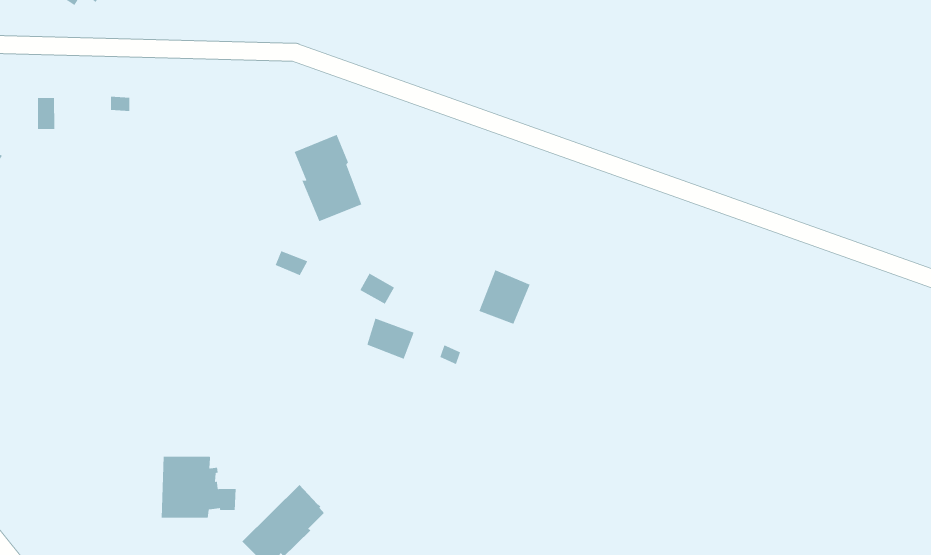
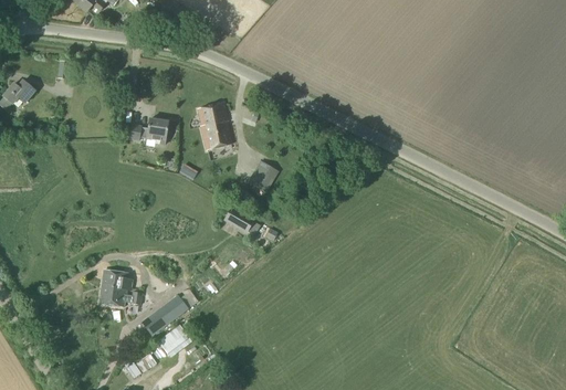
building: none -> [129,117,168,140]
building: [478,269,530,324] -> [247,159,277,191]

